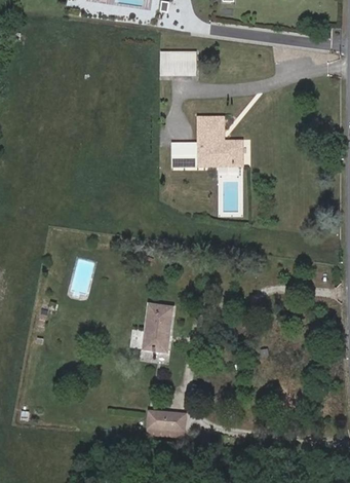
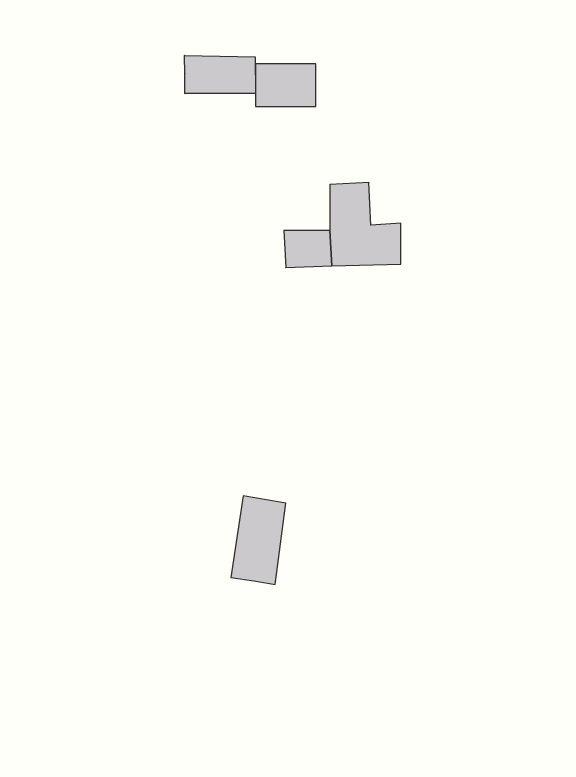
building: none -> [185,55,256,94]
building: [148,412,183,431] -> none

